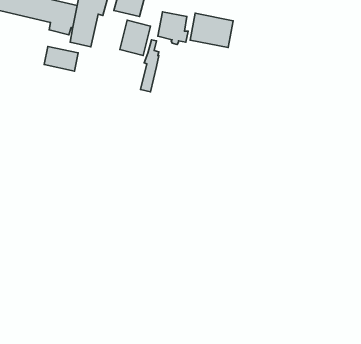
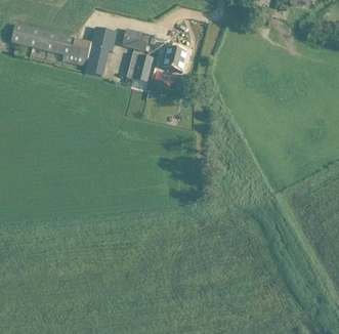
building: [190,13,233,48] -> none
building: [44,46,78,71] -> none

